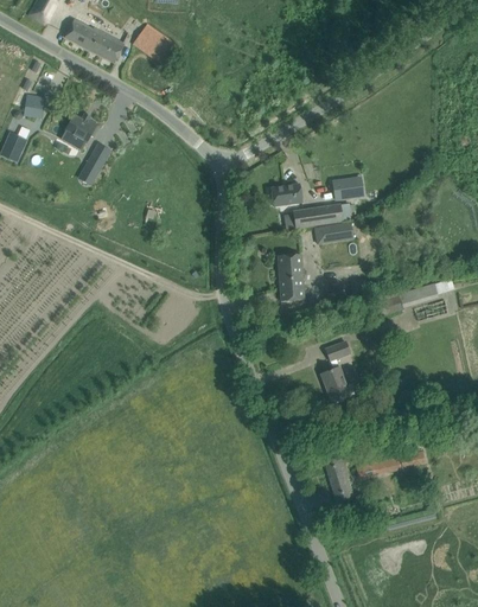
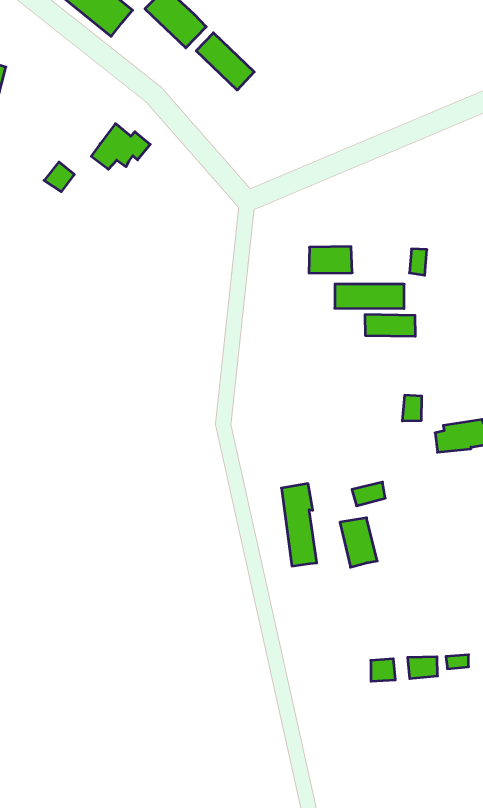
building: none -> [196,33,254,90]
building: [60,114,100,146] -> [91,124,150,169]
building: [276,253,304,301] -> none
building: [320,443,352,501] -> [281,484,317,566]

